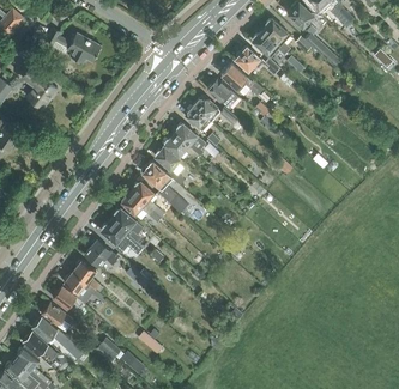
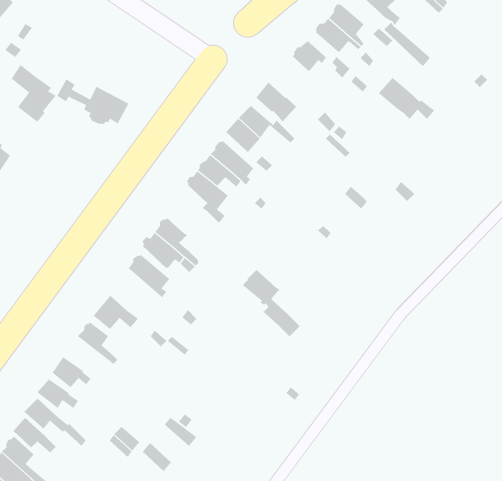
building: [47,28,102,63] -> [57,78,129,126]
building: [220,63,264,96] -> [378,77,435,120]
building: [141,160,186,212] -> [242,269,301,337]
building: [101,219,143,253] -> none
building: [64,271,104,304] -> none

